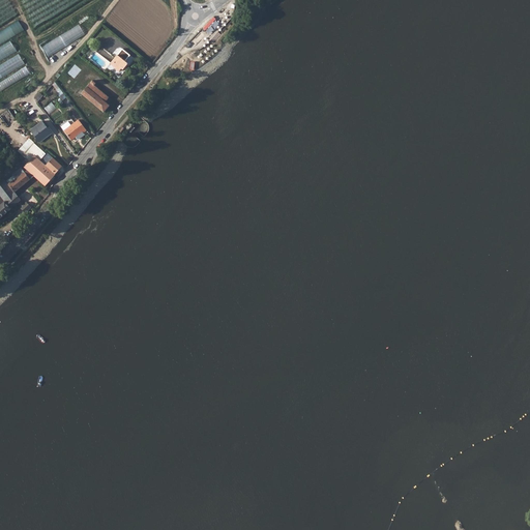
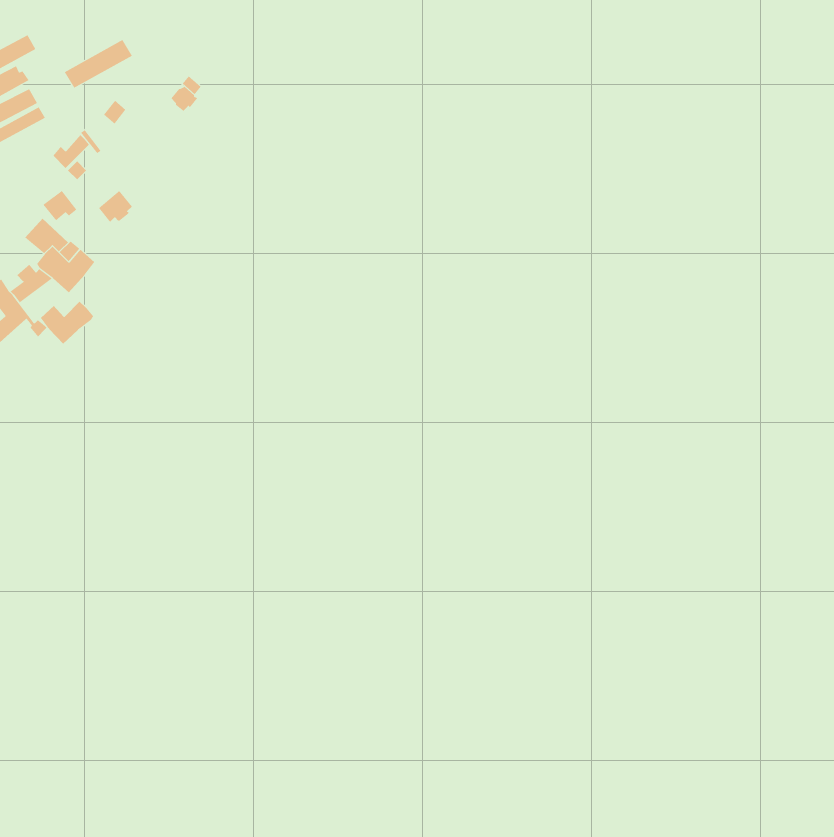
building: [80,80,108,112] -> none
building: none -> [40,301,94,344]

